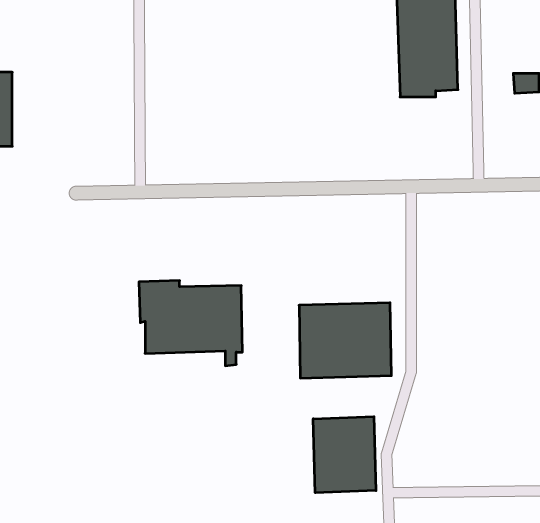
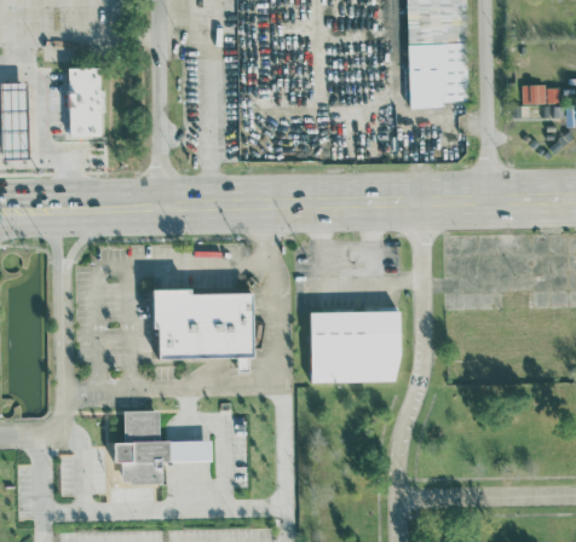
building: none -> [69,68,100,138]
building: none -> [114,410,212,484]
building: [313,417,376,493] -> none

